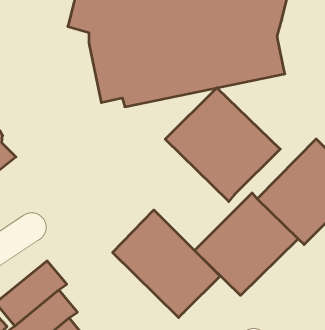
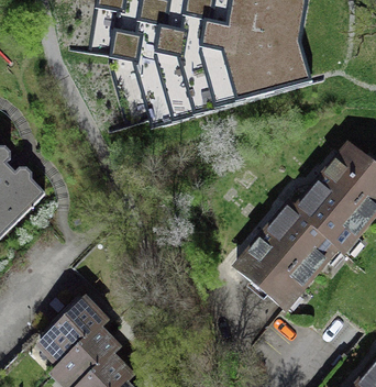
building: [165,88,280,202] -> none
building: [113,210,220,318] -> none

